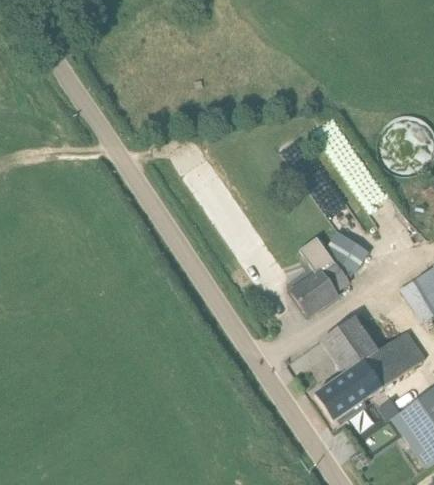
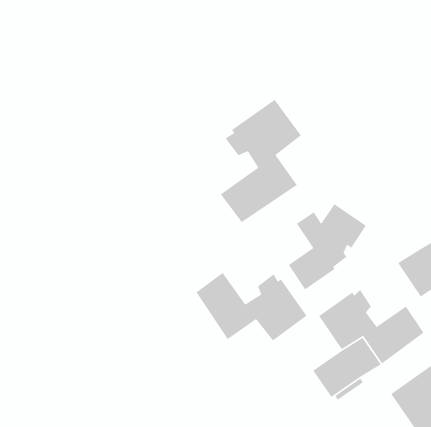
building: none -> [220,99,302,223]
building: none -> [196,272,308,341]

